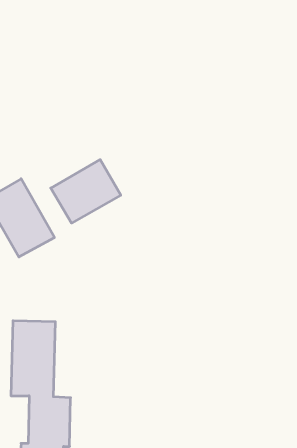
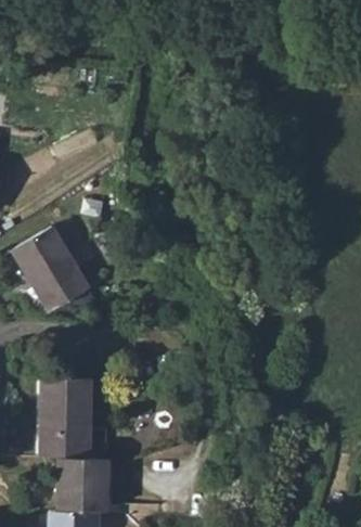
building: [51,160,121,223] -> none

